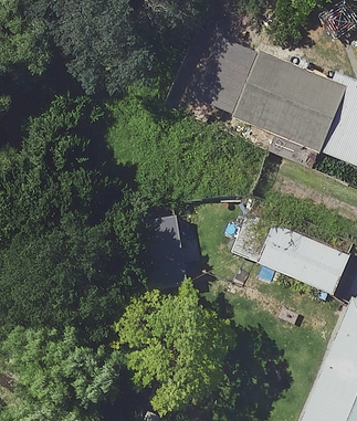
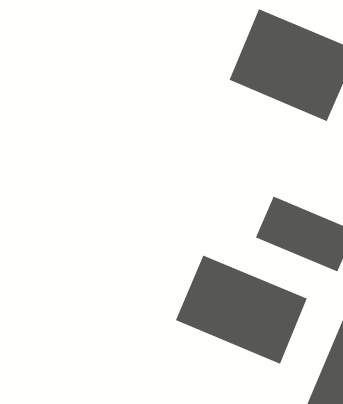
building: none -> [175,255,308,365]

